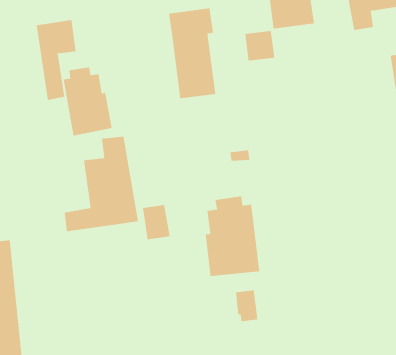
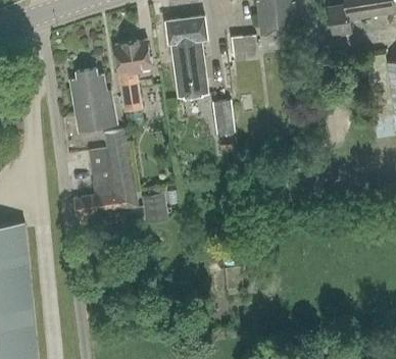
building: [36,20,77,100] -> [114,39,151,111]
building: none -> [213,102,236,136]
building: [205,196,260,277] -> none

